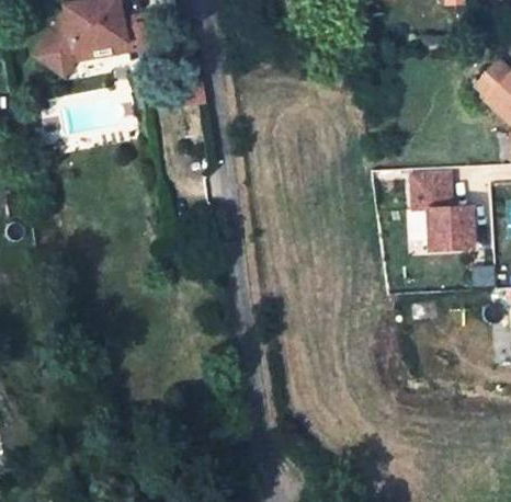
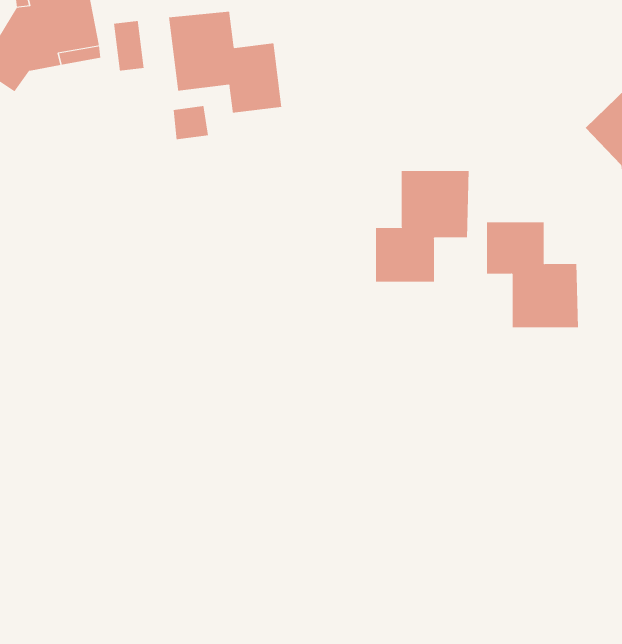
building: none -> [169,11,282,114]
building: none -> [376,170,469,283]

